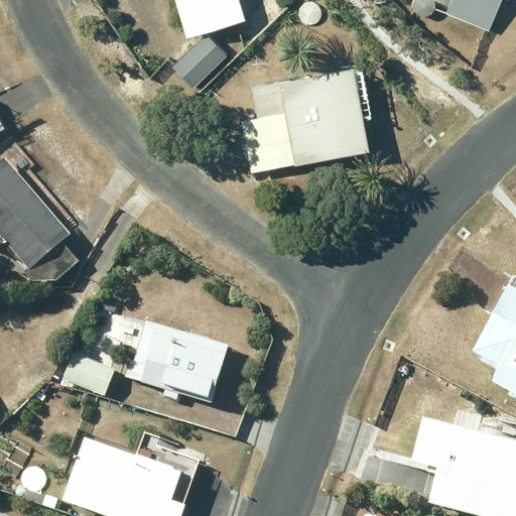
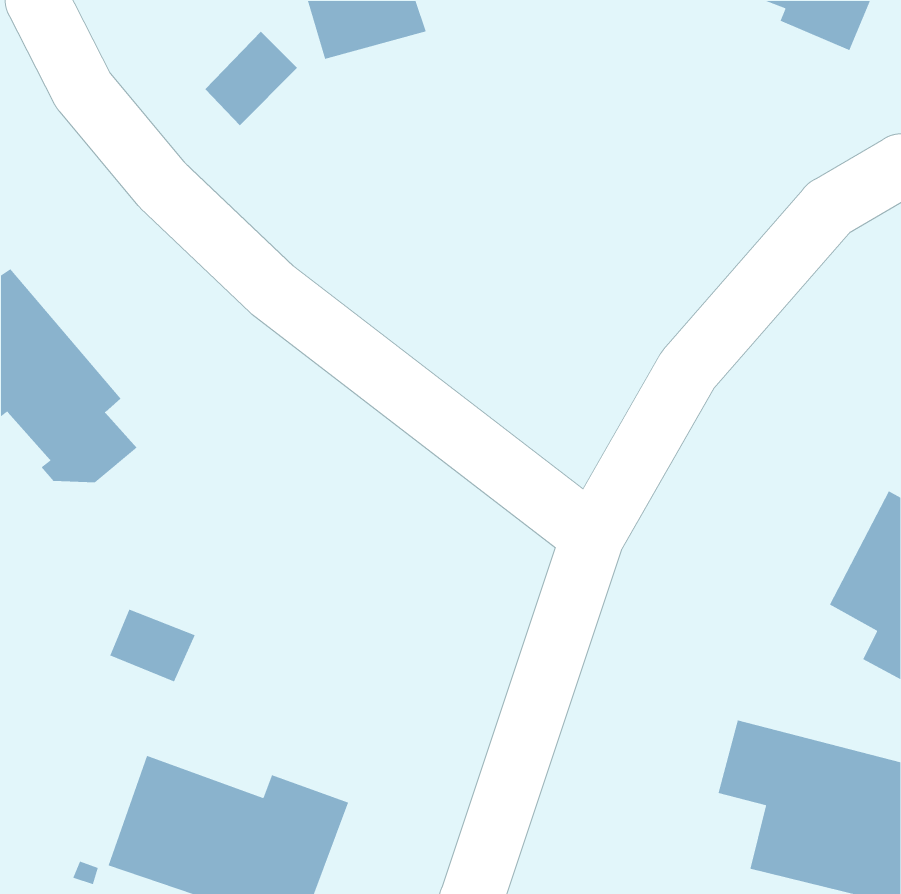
building: [172,35,226,90] -> [204,31,298,126]
building: [241,68,372,173] -> none
building: [125,319,229,403] -> none

